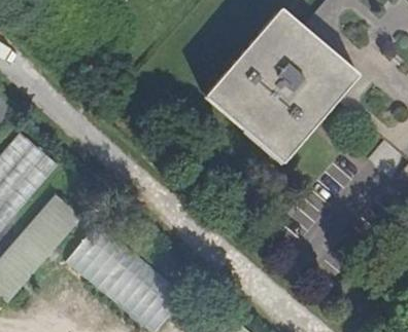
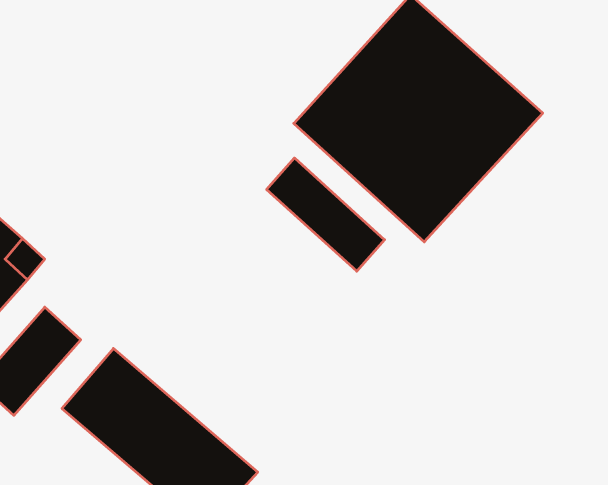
building: none -> [267,158,385,271]

